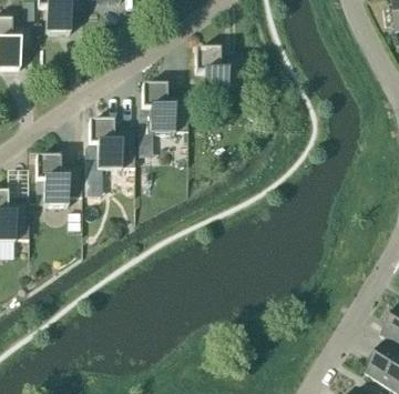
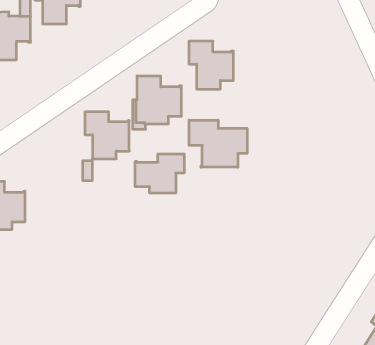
building: none -> [189,120,247,167]
building: [34,156,80,205] -> none
building: none -> [135,154,184,193]

